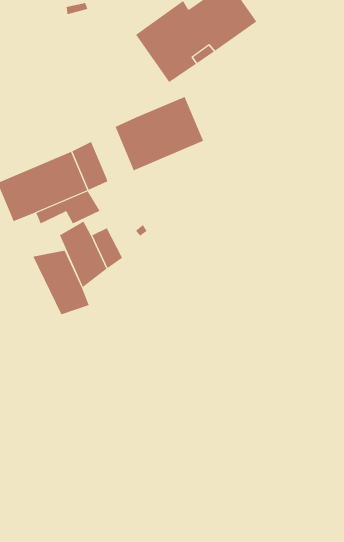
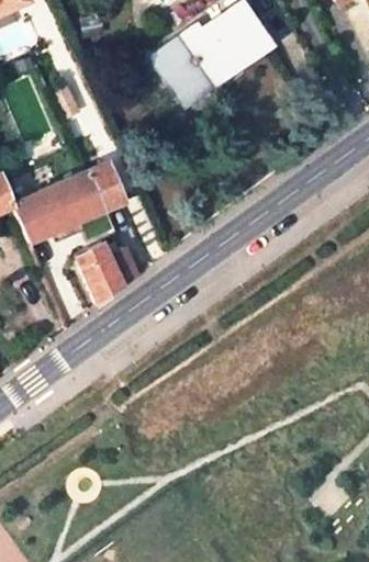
building: [115,96,204,171] -> none
building: [32,250,90,315] -> none

